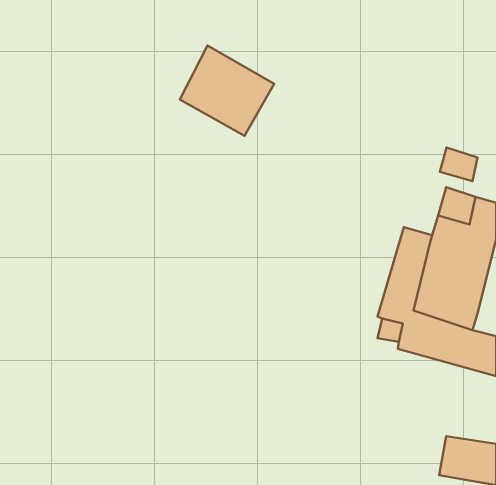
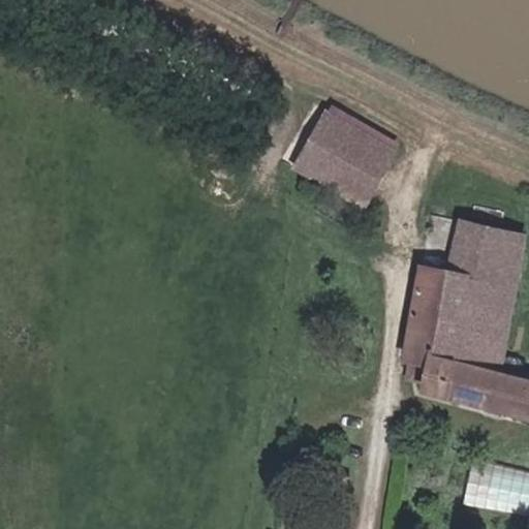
building: [180,46,274,136] -> [295,102,395,197]
building: [440,147,477,181] -> none

